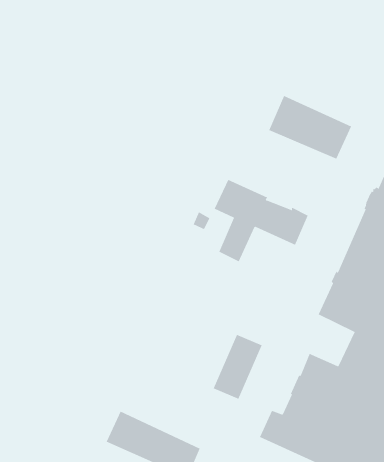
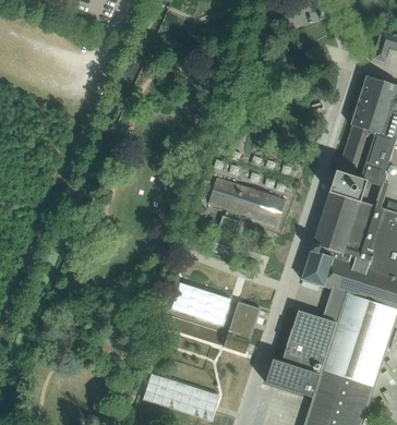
building: [268,95,352,160] -> none
building: none -> [171,282,230,325]

